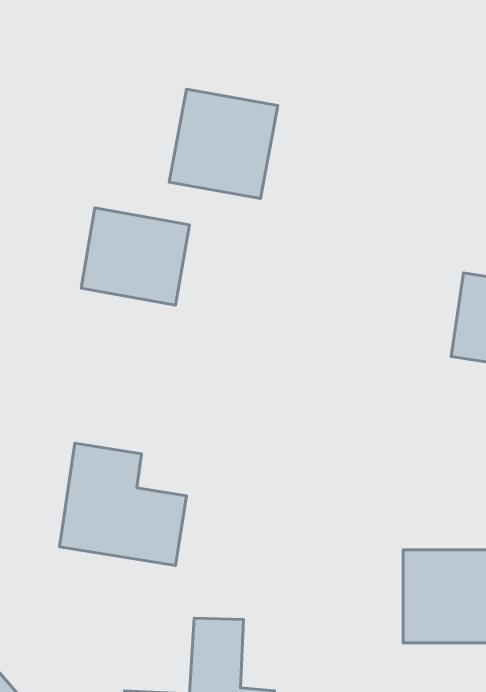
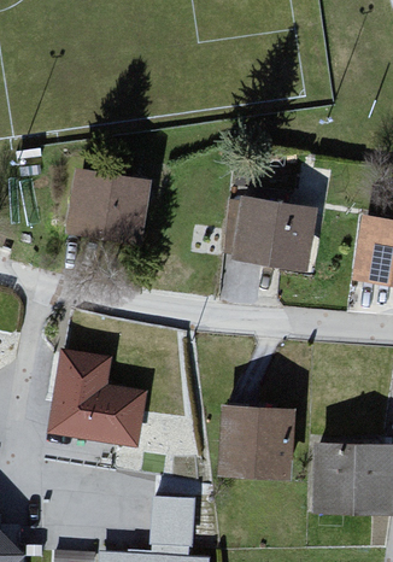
building: [169,89,278,199] -> none
building: none -> [231,198,316,270]
building: none -> [221,405,297,476]

